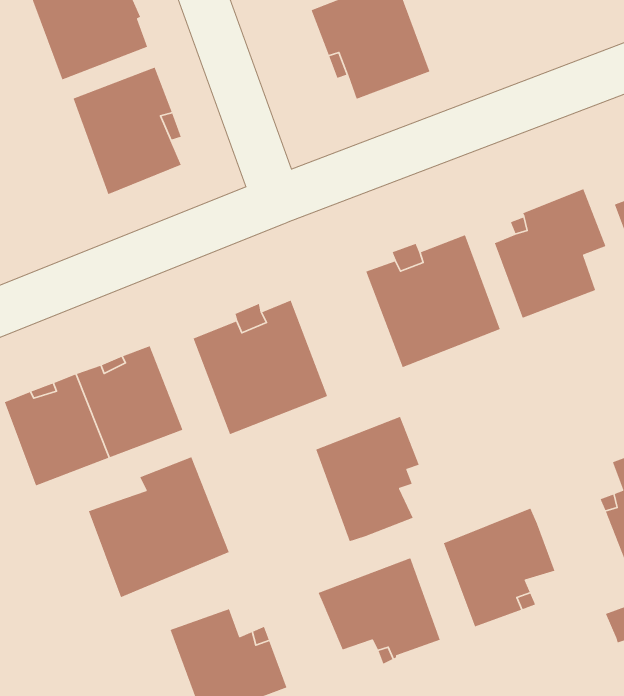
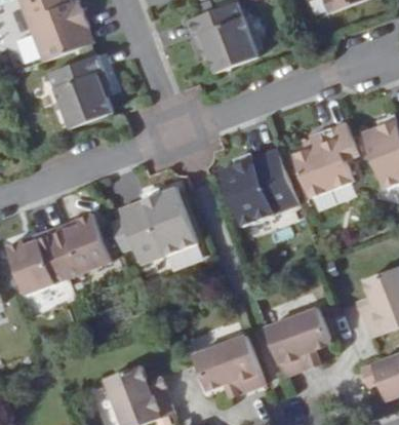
building: [315,416,420,542] -> none
building: [88,456,230,598] -> none

